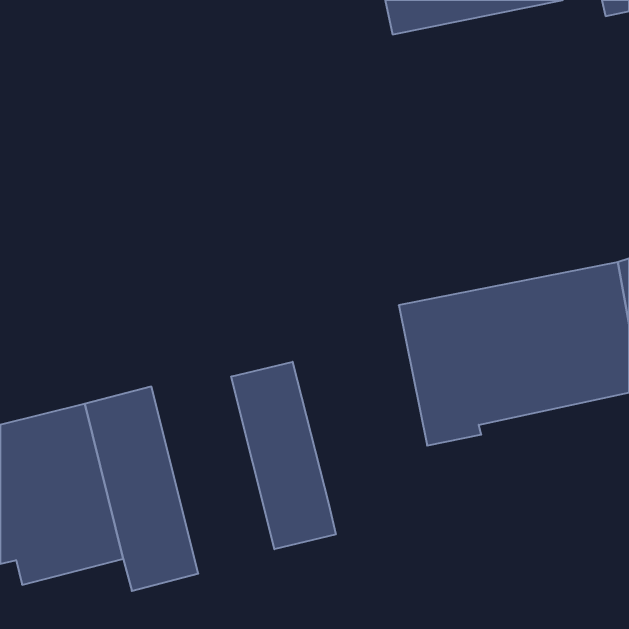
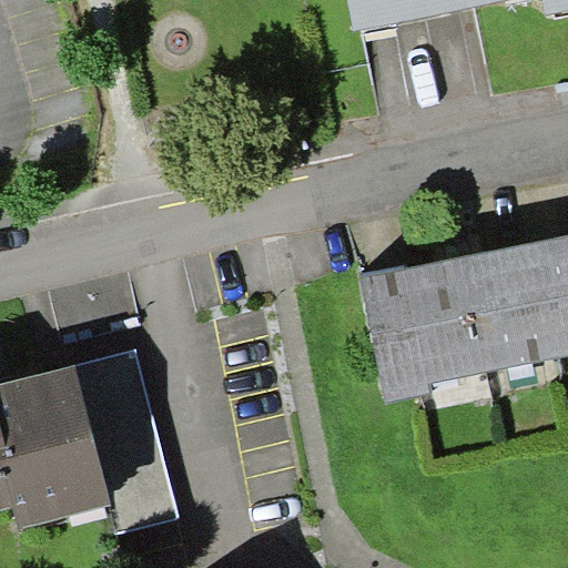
building: [231,362,336,549] -> none

